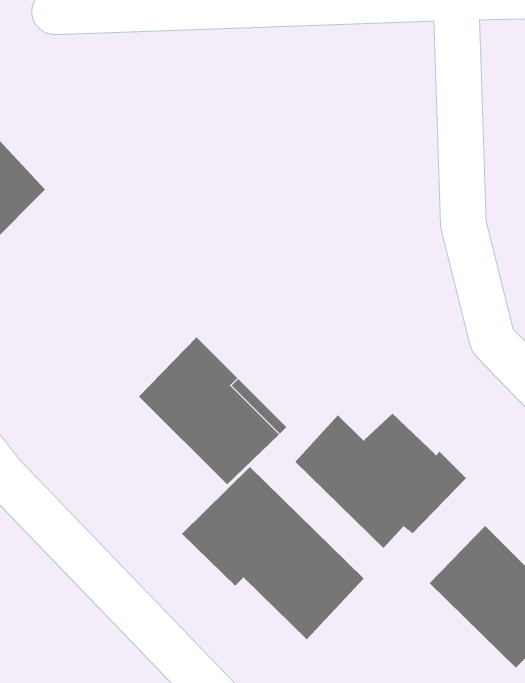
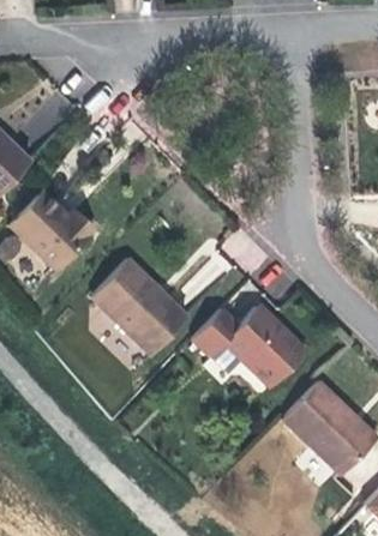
building: none -> [7,189,94,269]
building: [181,466,365,640] -> none

